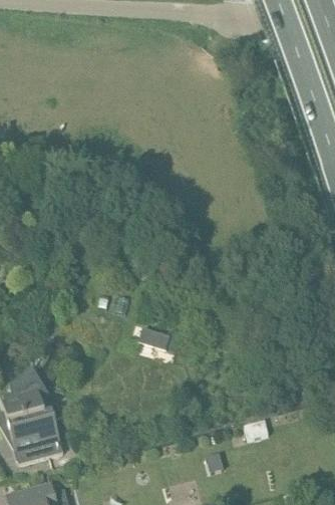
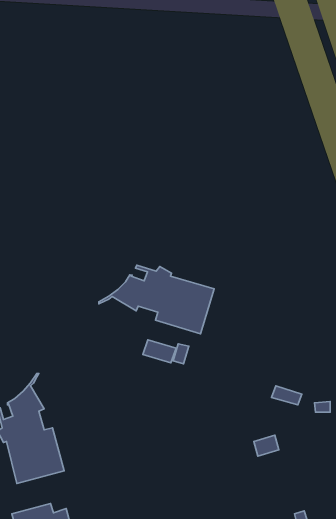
building: none -> [99,265,214,334]

